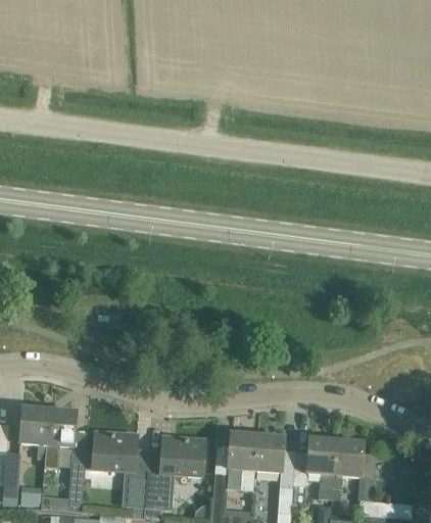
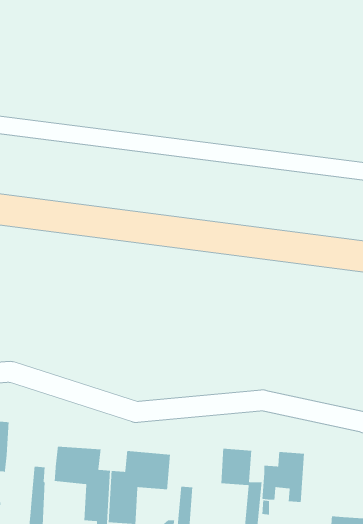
building: [44,409,77,467] -> none
building: [228,432,255,488] -> none
building: [332,439,375,488] -> none

